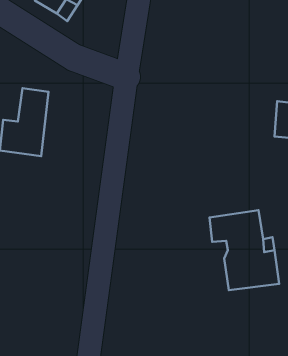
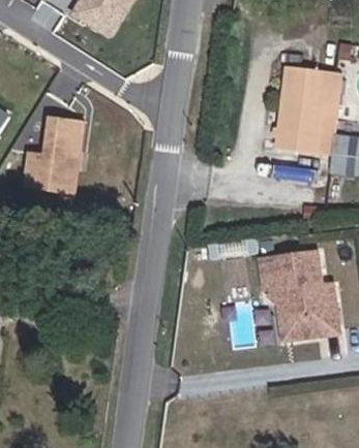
building: none -> [277,64,337,152]

